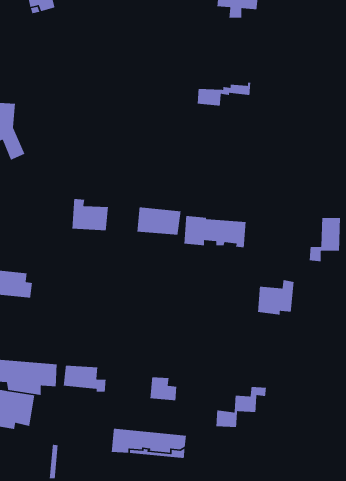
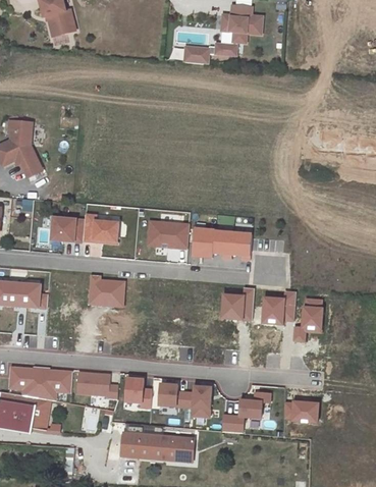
building: [197,82,251,106] -> [185,42,237,65]
building: none -> [51,218,84,242]
building: [309,217,341,262] -> [291,299,322,341]
building: none -> [88,276,124,307]
building: none -> [220,287,254,320]
building: none -> [125,378,151,408]
building: none -> [183,386,211,417]
building: none -> [282,400,318,424]

